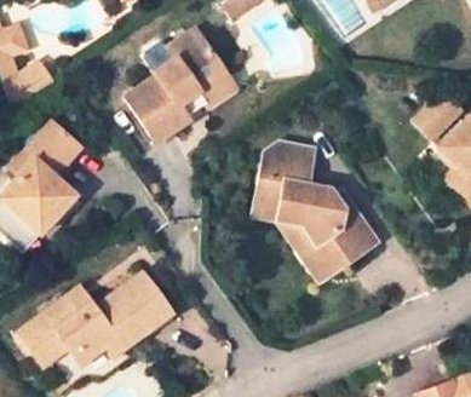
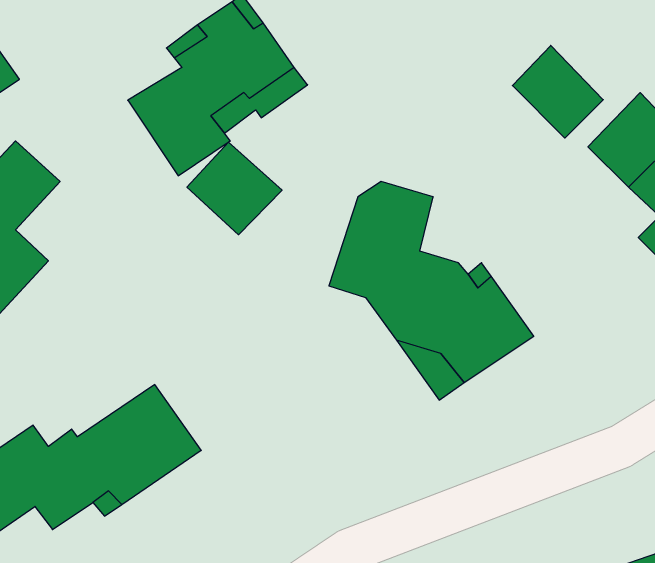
building: none -> [512,45,603,138]
building: none -> [187,142,282,235]

